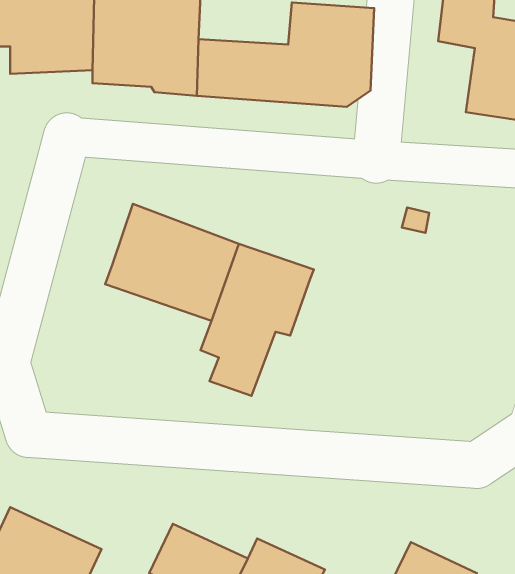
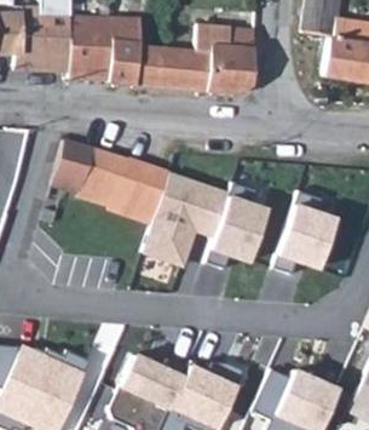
building: none -> [60,138,104,189]
building: none -> [202,199,260,266]
building: none -> [266,206,333,273]

